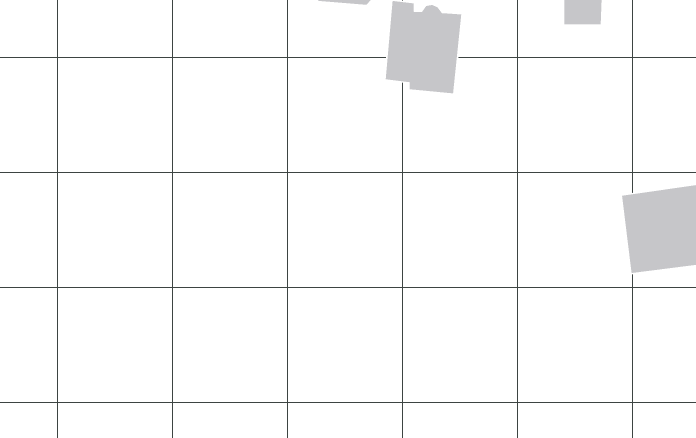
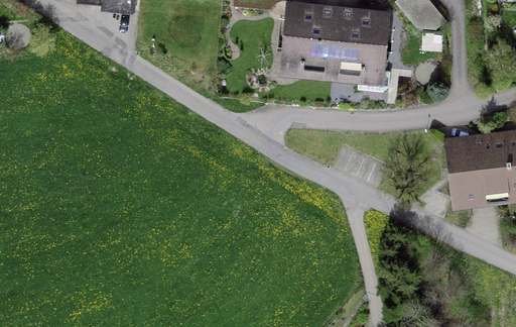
building: none -> [332,13,390,93]

